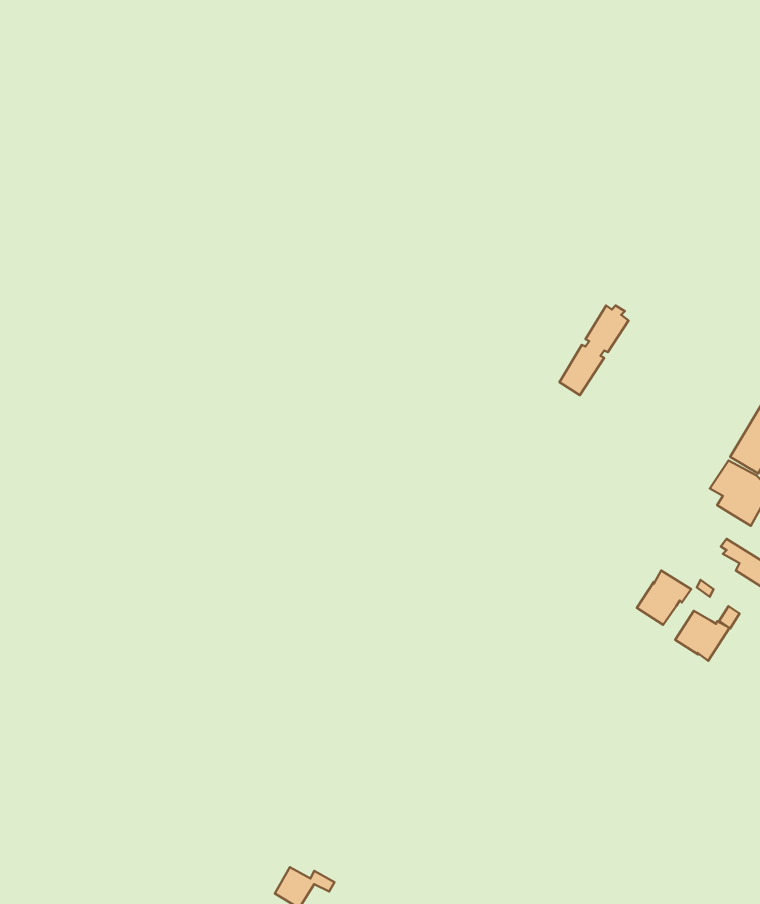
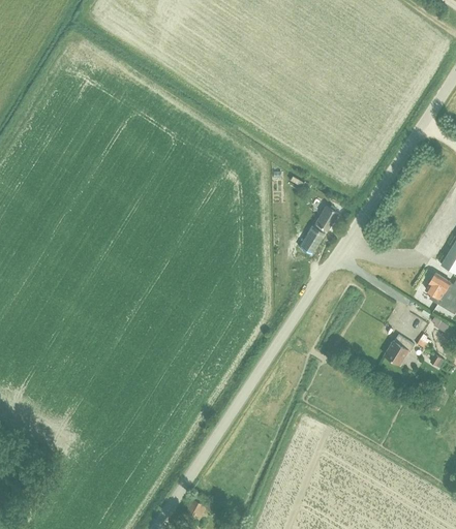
building: [559,306,629,395] -> [299,207,337,256]
building: [675,611,730,661] -> none

